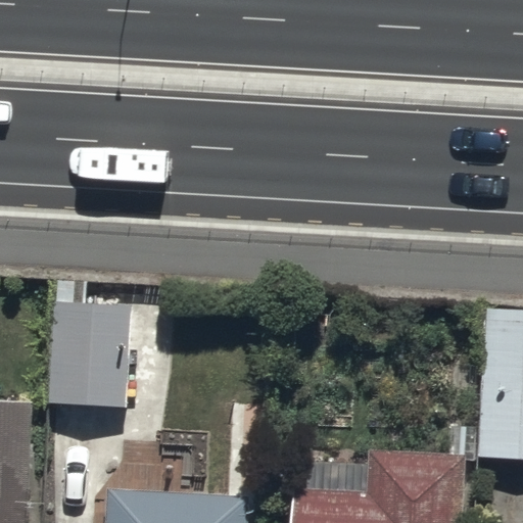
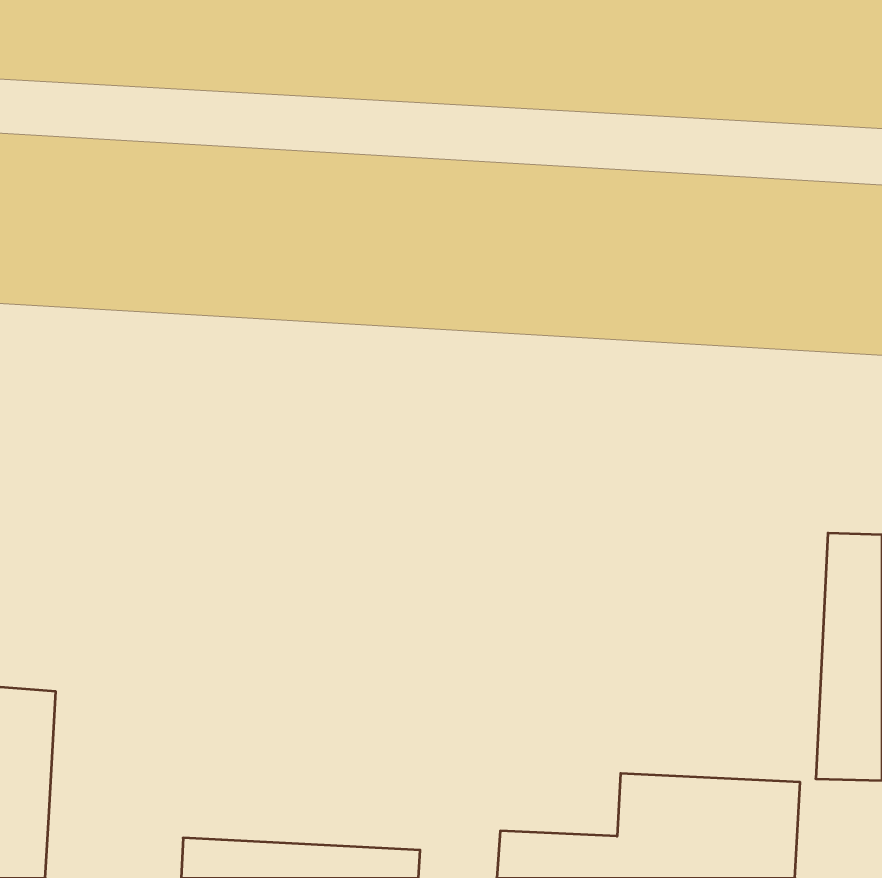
building: [51,304,132,408] -> none

